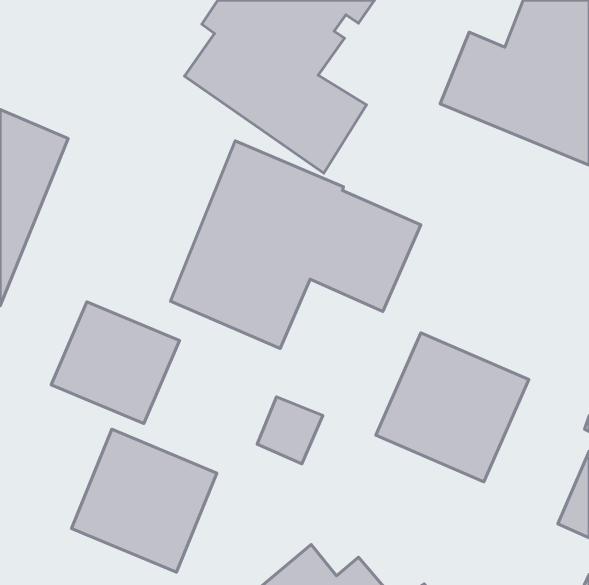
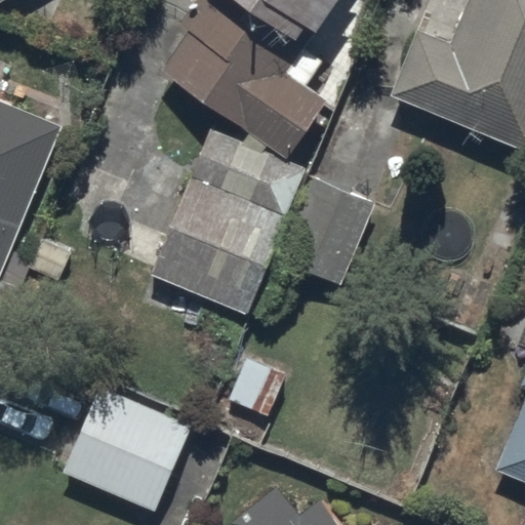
building: [51,302,179,423] -> none
building: [376,333,529,482] -> none

